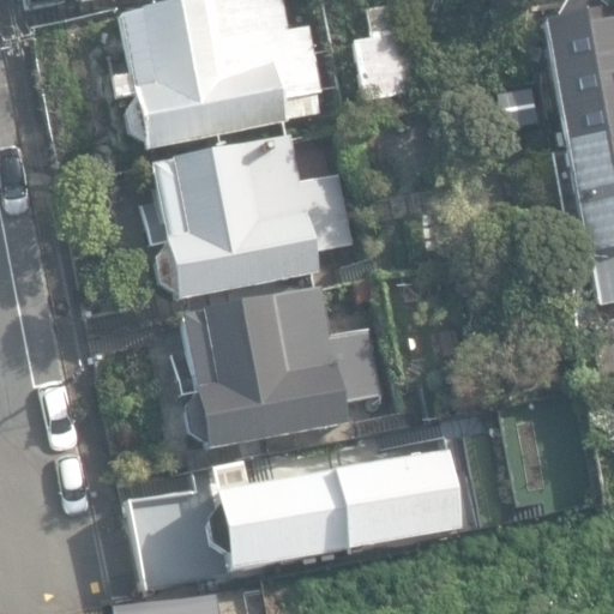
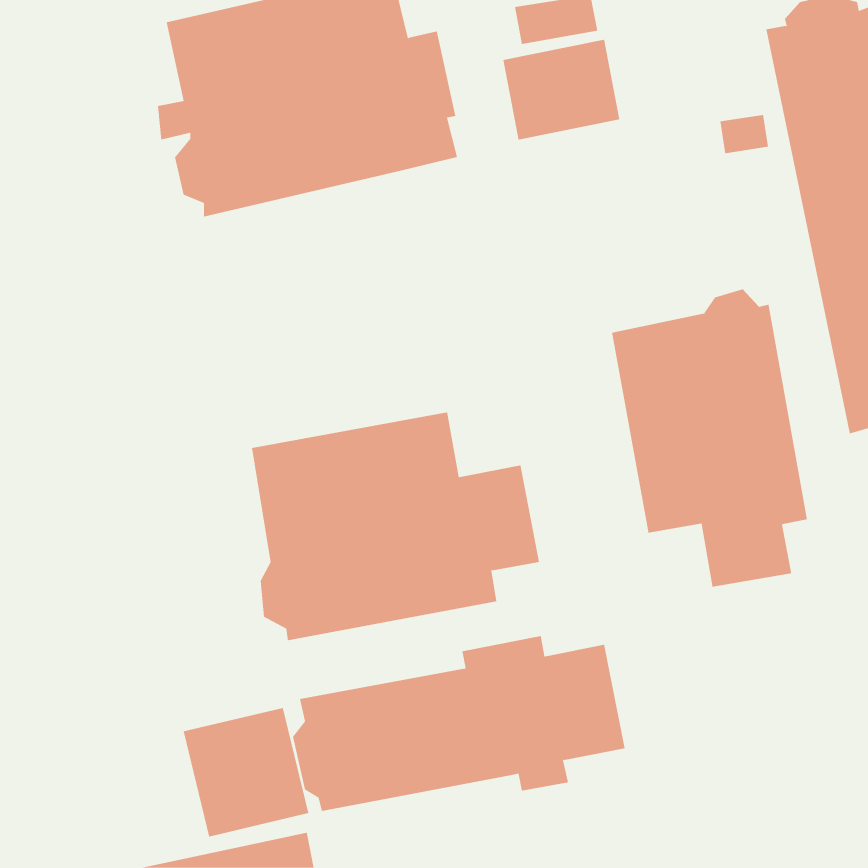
building: [151,136,356,300] -> none
building: none -> [611,289,807,587]

